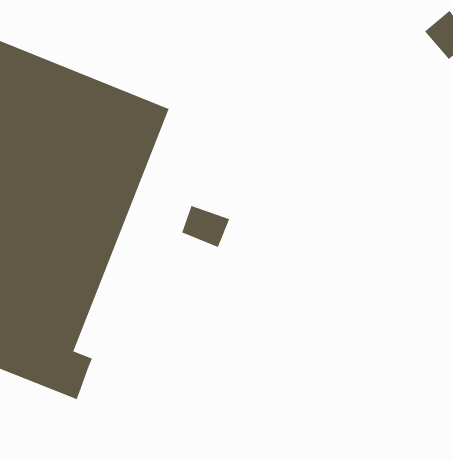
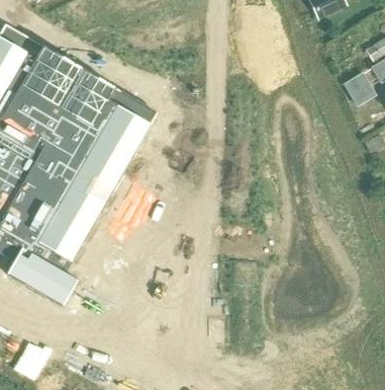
building: [181,205,230,248] -> none

